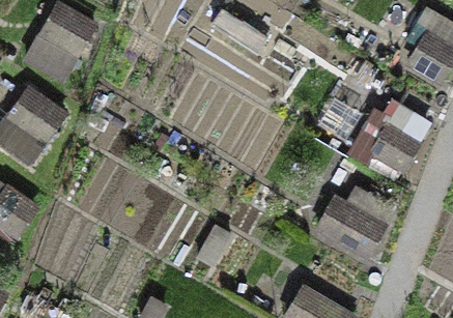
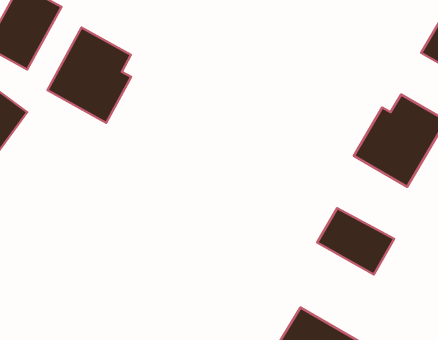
building: none -> [48,28,131,123]

